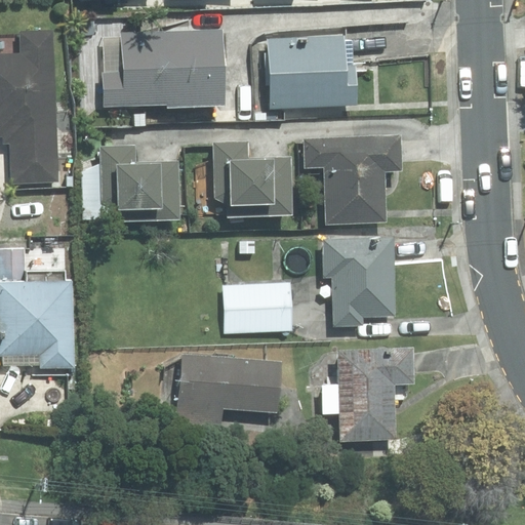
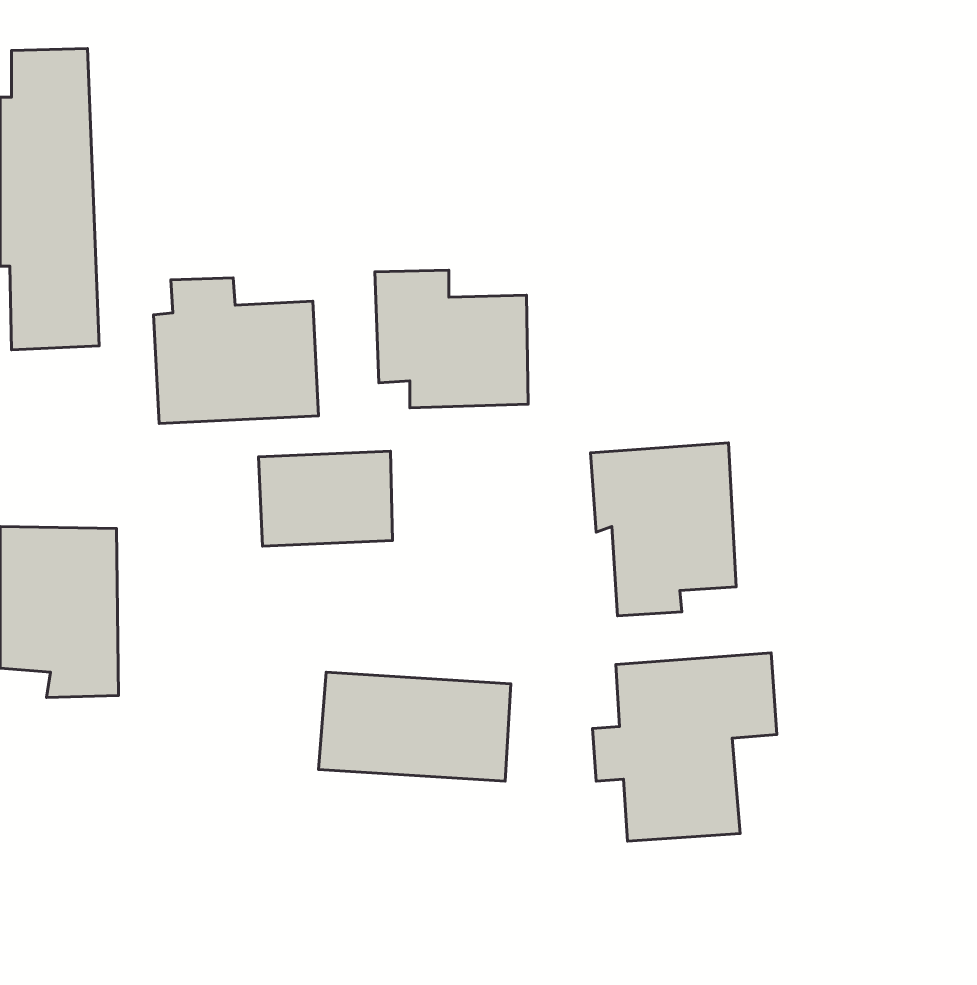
building: [104,32,219,109] -> none
building: [269,39,356,109] -> none
building: [294,133,402,226] -> none
building: [227,281,297,331] -> [259,451,393,546]

